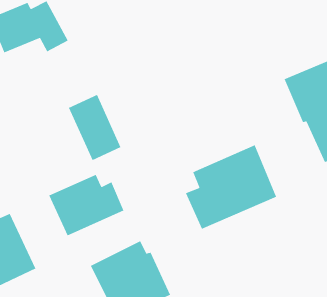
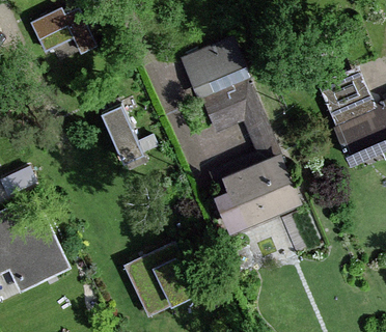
building: none -> [177,36,247,101]
building: none -> [201,86,276,156]
building: [48,174,125,237] -> none

